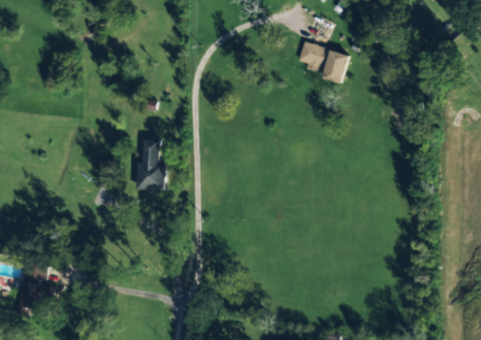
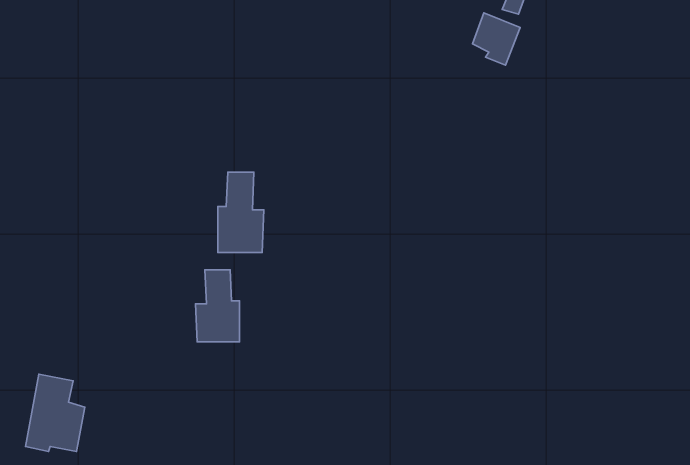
building: [323,50,350,83] -> none
building: none -> [195,270,239,342]

